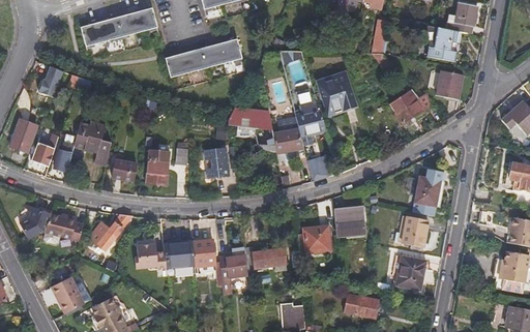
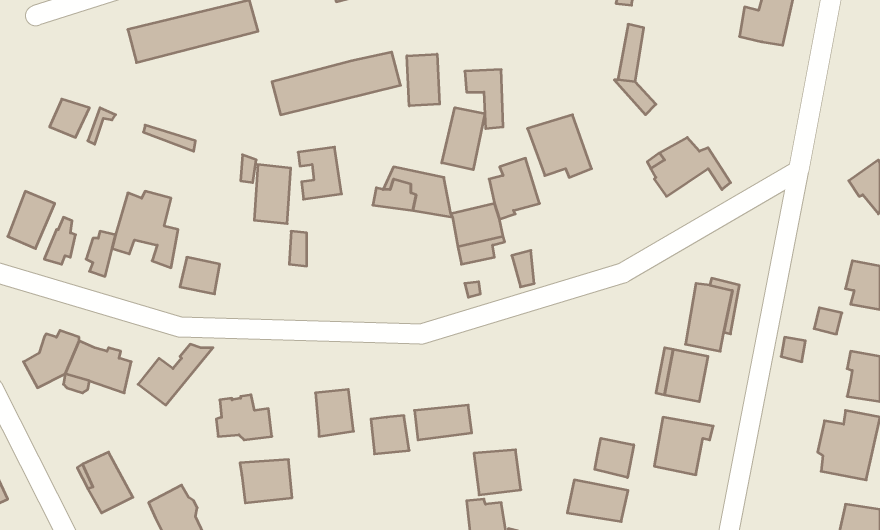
building: [426,27,459,62] -> none
building: none -> [407,54,440,106]
building: none -> [442,108,485,170]
building: [437,71,463,100] -> none
building: [204,149,230,180] -> [298,147,342,199]
building: [147,151,169,186] -> [254,165,291,224]
building: [333,206,365,235] -> none
building: [302,225,330,252] -> [474,450,521,495]
building: [164,241,195,267] -> [240,460,292,503]
building: none -> [595,438,634,478]

